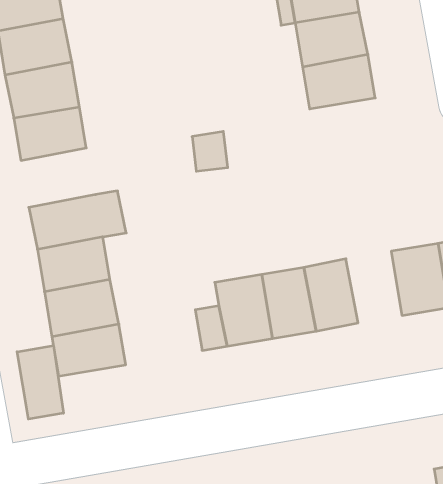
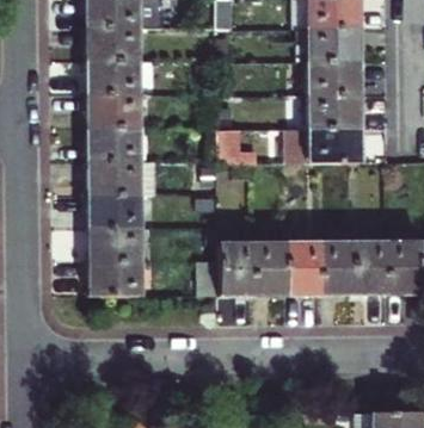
building: none -> [291,126,361,162]
building: none -> [90,128,141,165]
building: none -> [319,242,354,291]
building: [17,346,63,419] -> none

